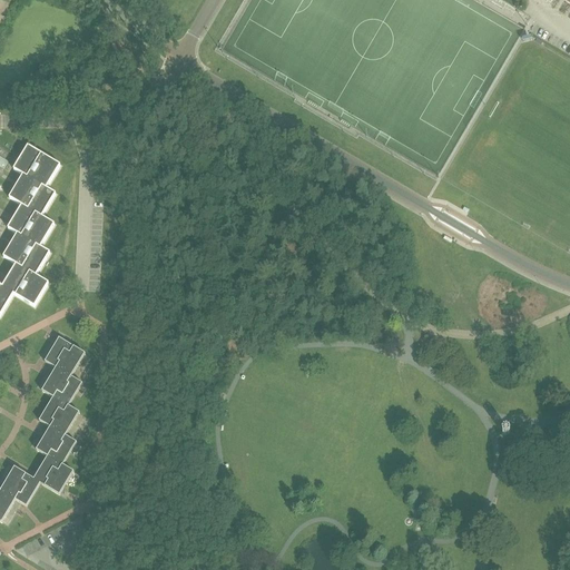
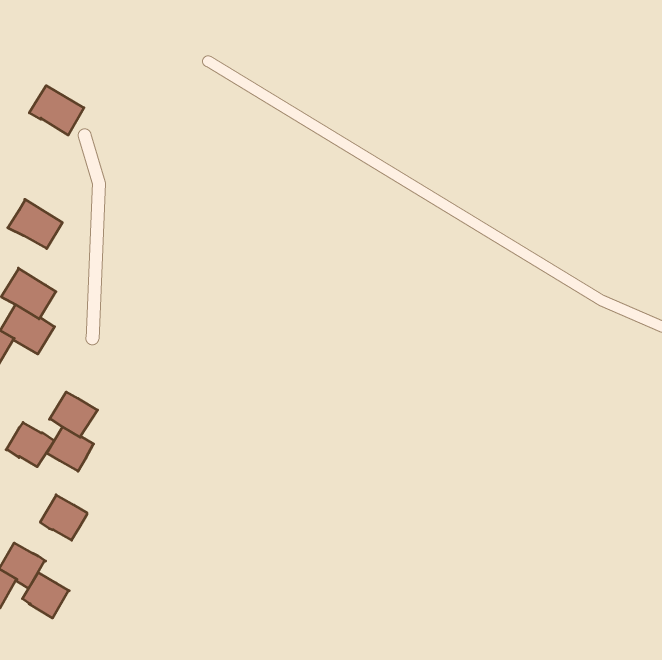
building: [11,142,58,185] -> [29,86,84,135]
building: [6,202,52,244] -> none
building: [37,394,78,432] -> [6,422,54,467]
building: [32,453,72,492] -> [22,573,69,618]

